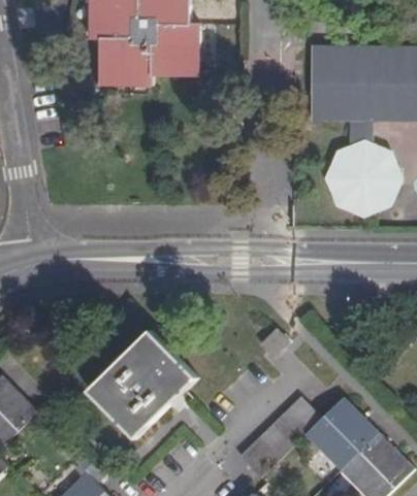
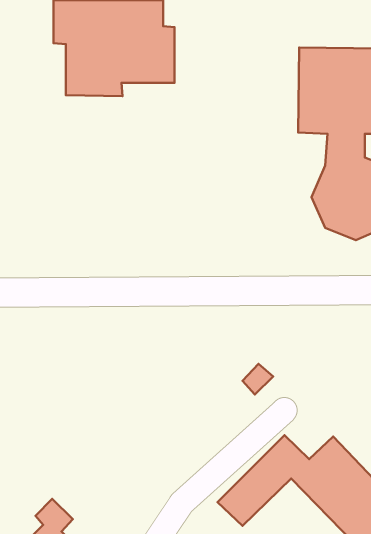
building: [89,332,197,440] -> none

